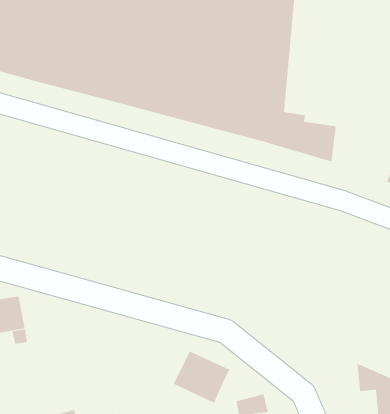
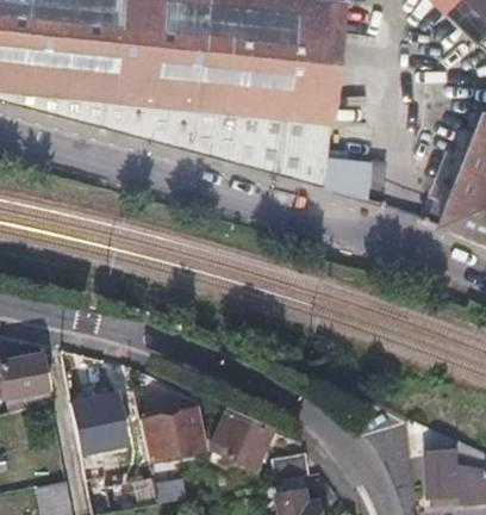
building: none -> [73,395,125,452]
building: none -> [139,405,205,458]

